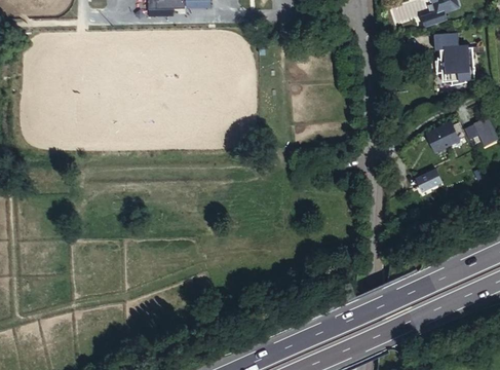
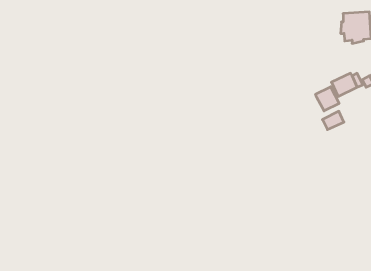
building: none -> [316,87,339,111]

